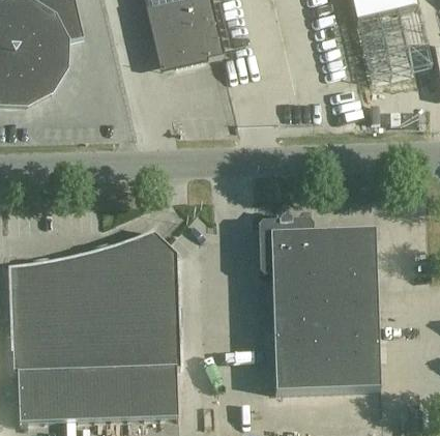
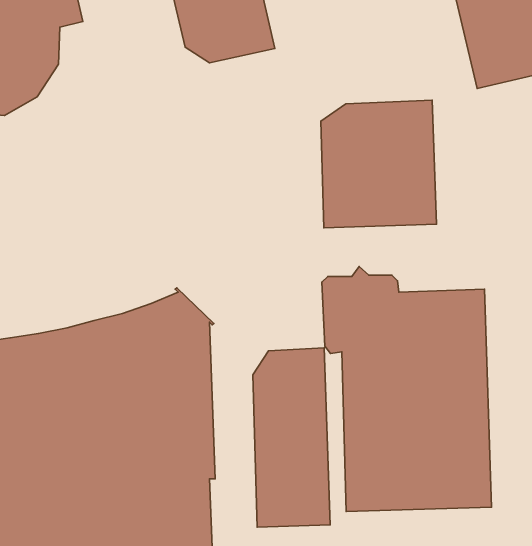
building: none -> [321,100,436,228]
building: none -> [253,348,330,527]

